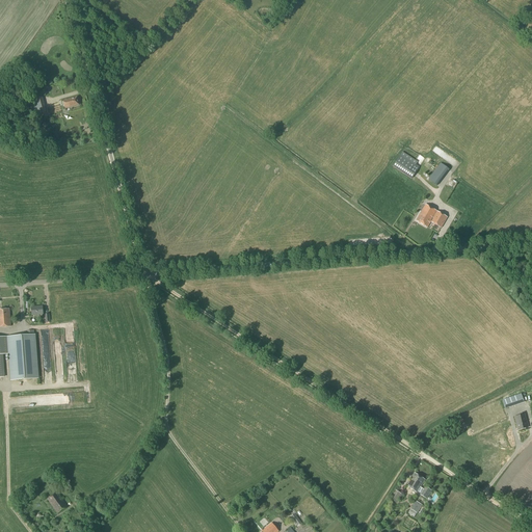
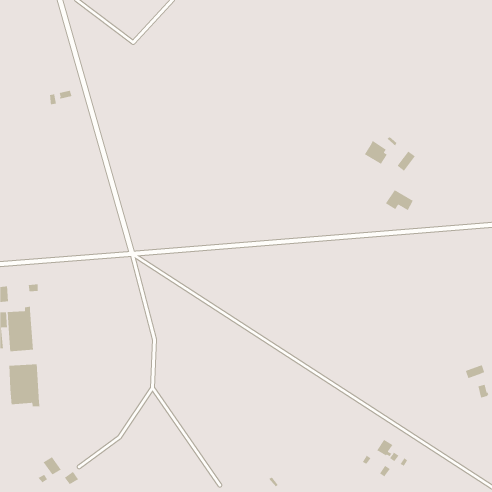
building: none -> [8,364,40,407]

